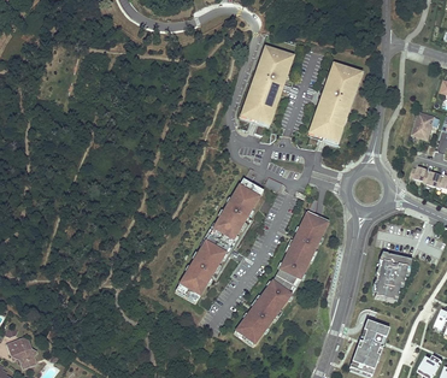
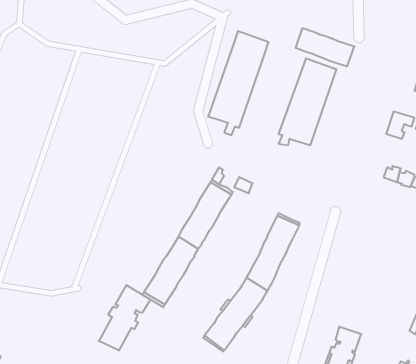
building: none -> [296,28,354,67]
building: [372,252,411,301] -> none
building: none -> [99,285,151,351]

